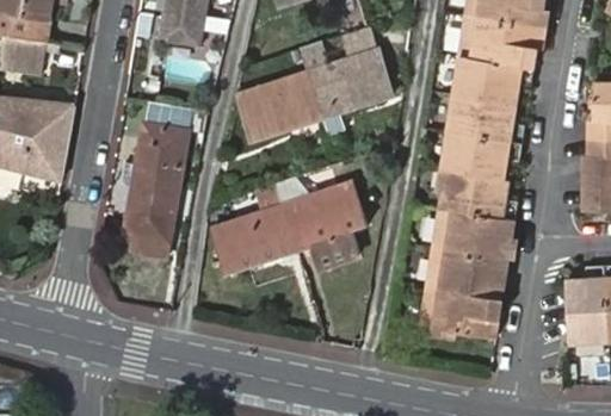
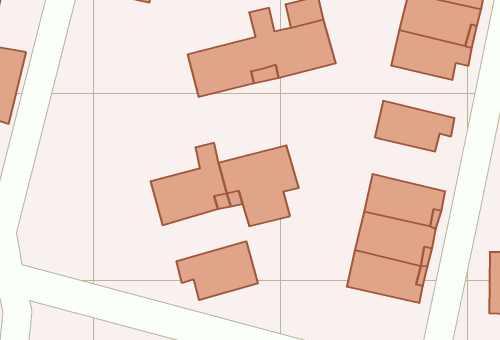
building: [448,92,526,142] -> none
building: [124,99,193,242] -> none
building: [442,168,521,218] -> none
building: none -> [177,241,258,300]

